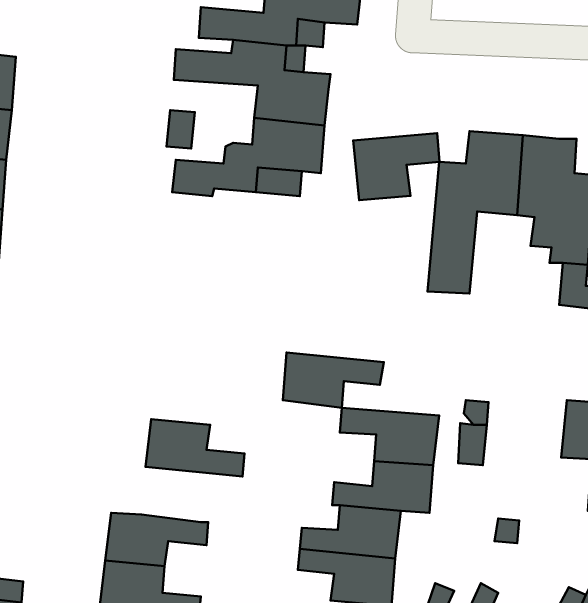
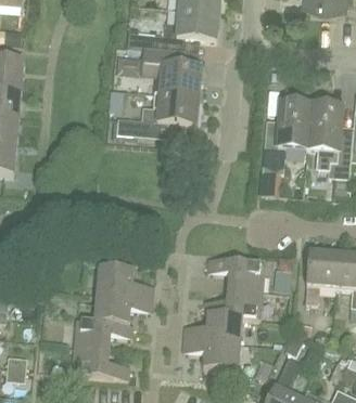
building: [353,133,439,200] -> none
building: [283,352,384,408] -> [94,292,152,324]
building: none -> [303,251,336,303]

